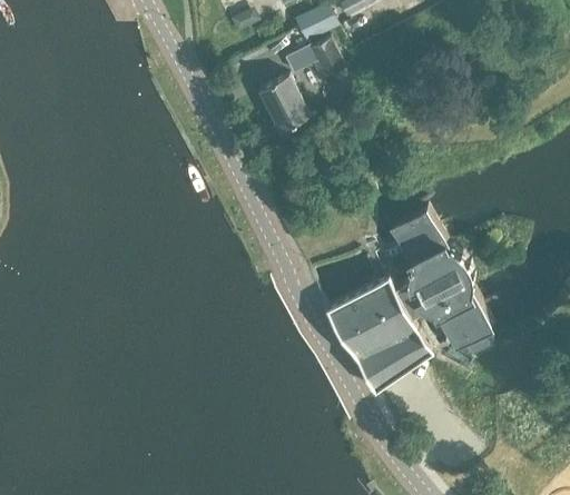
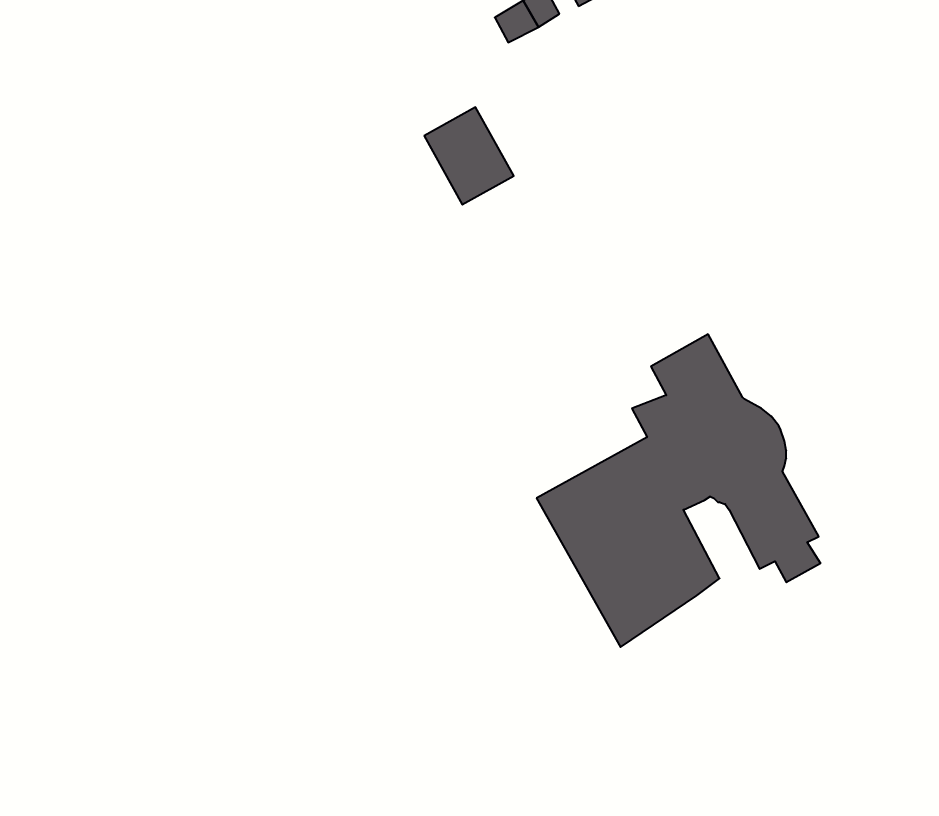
building: [284,33,344,75] -> none

